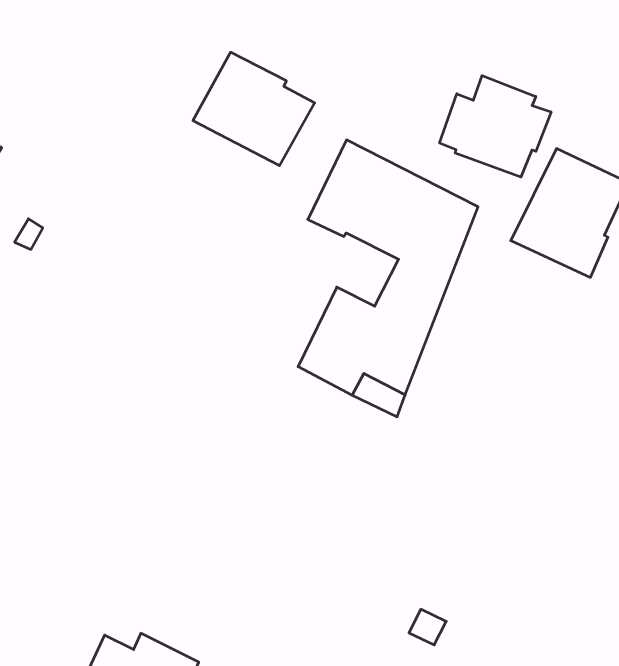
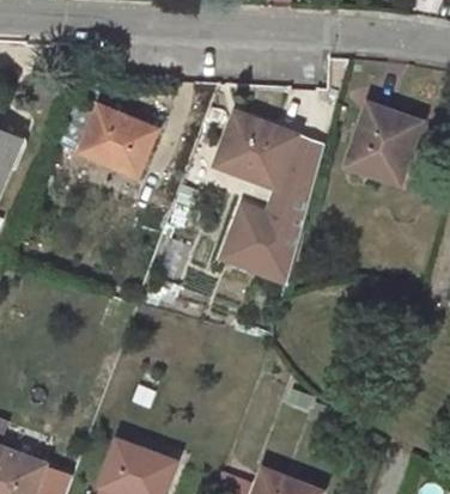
building: [193,52,315,166] -> [78,106,153,175]
building: [440,76,551,177] -> none

